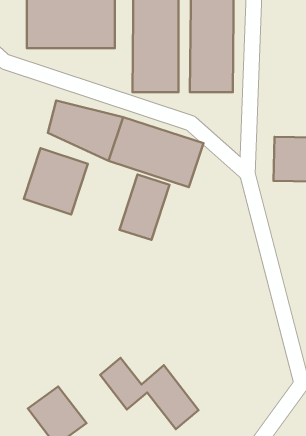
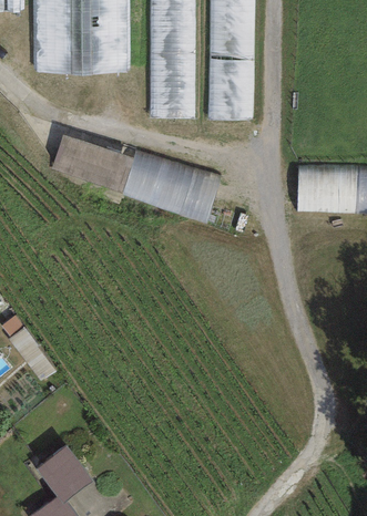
building: [24,148,88,215] -> none
building: [120,175,170,240] -> none
building: [100,358,198,429] -> none

